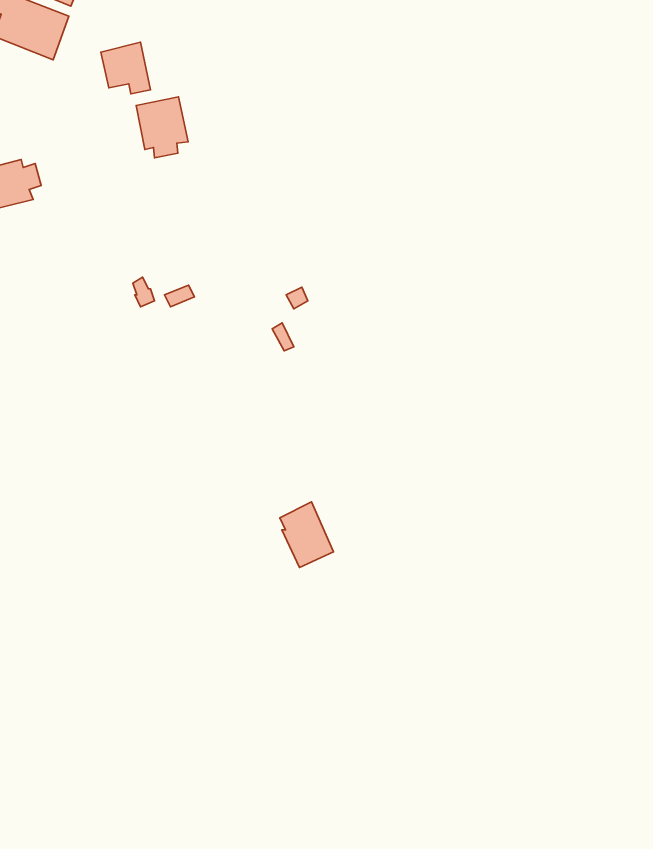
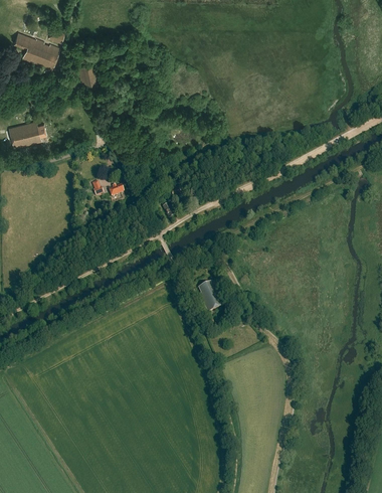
building: [136,97,188,158] -> none
building: [280,502,333,568] -> [198,280,225,313]

